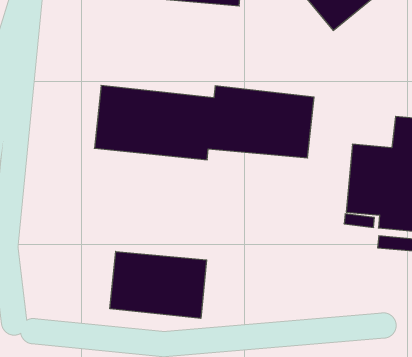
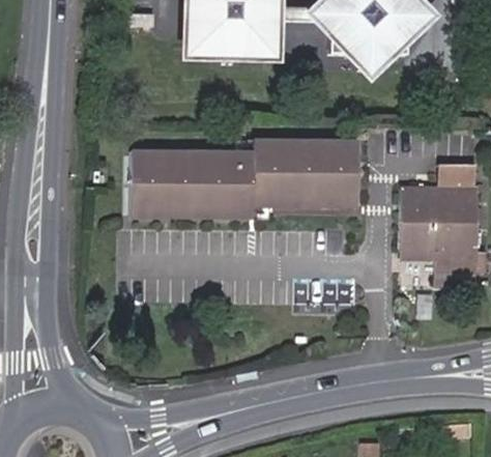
building: [110,251,207,318] -> none

